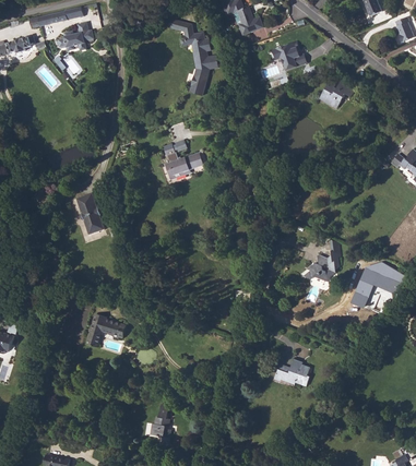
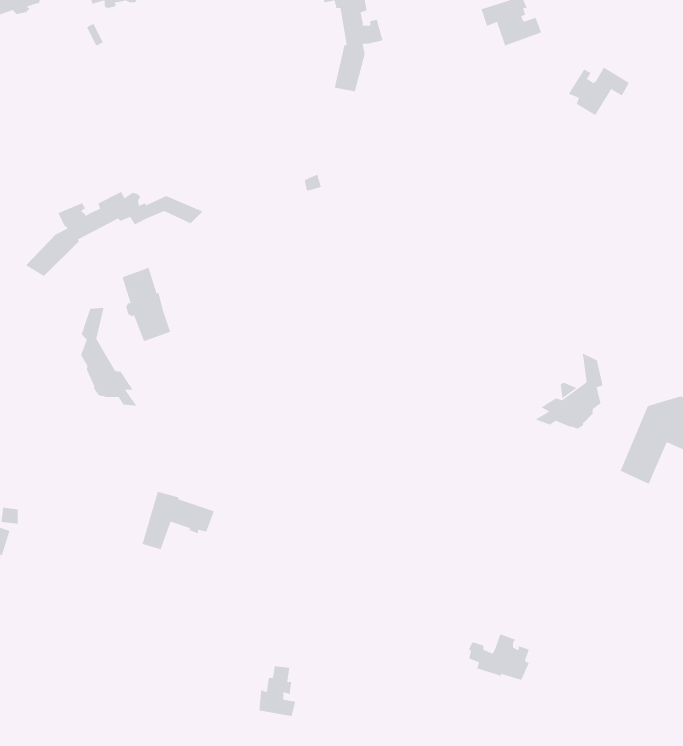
building: [164,144,202,178] -> none
building: none -> [25,191,204,277]
building: none -> [80,307,138,406]
building: [276,359,310,385] -> [468,633,530,681]

